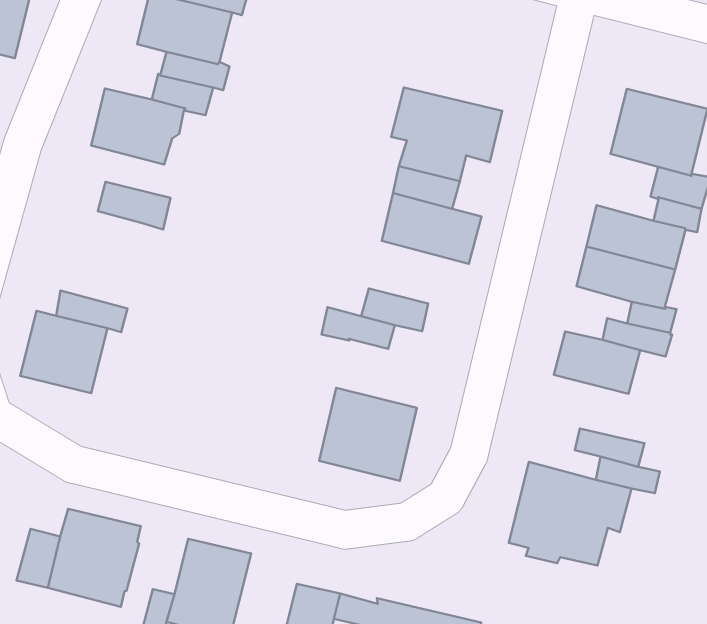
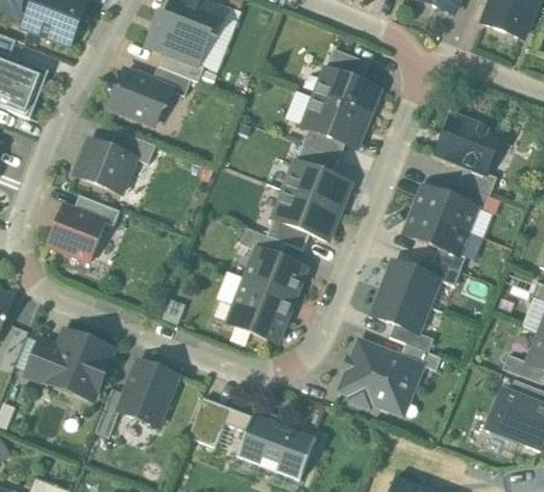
building: none -> [312,48,383,117]
building: none -> [74,139,135,193]
building: none -> [273,189,338,239]
building: none -> [244,248,306,297]
building: none -> [371,287,428,332]

